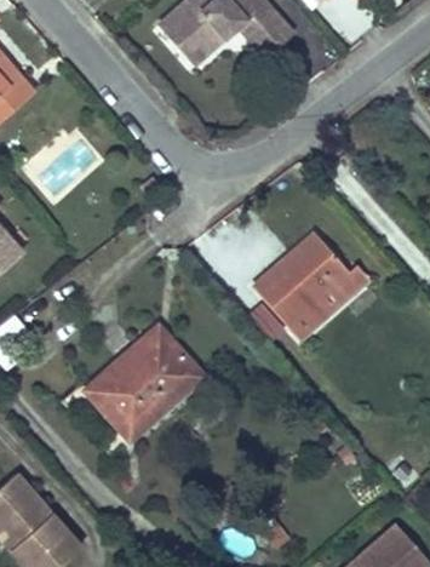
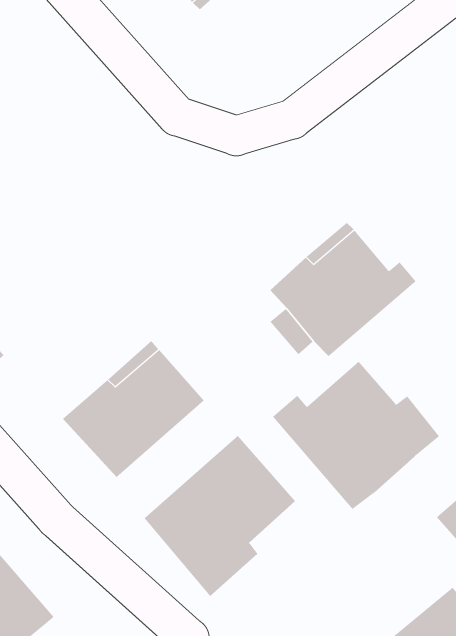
building: none -> [272,361,440,510]
building: none -> [144,435,296,597]

